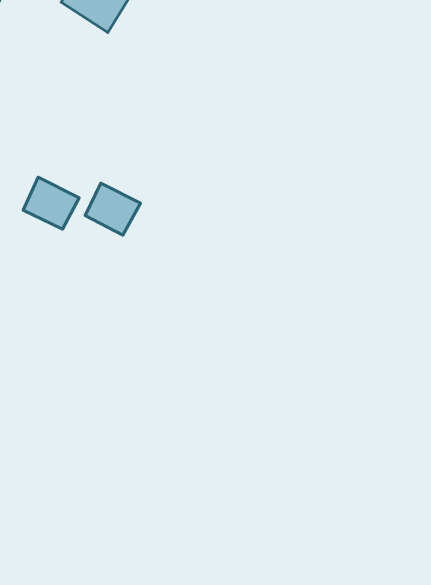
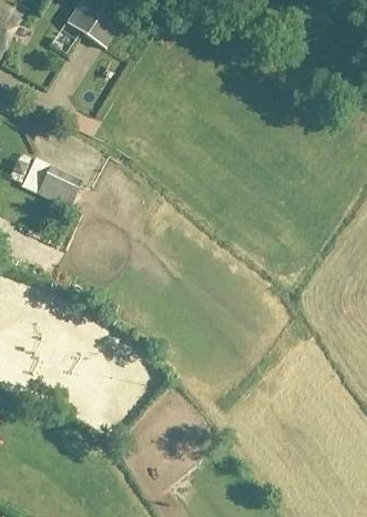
building: [85,183,140,235] -> none

